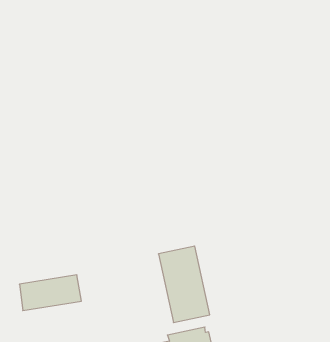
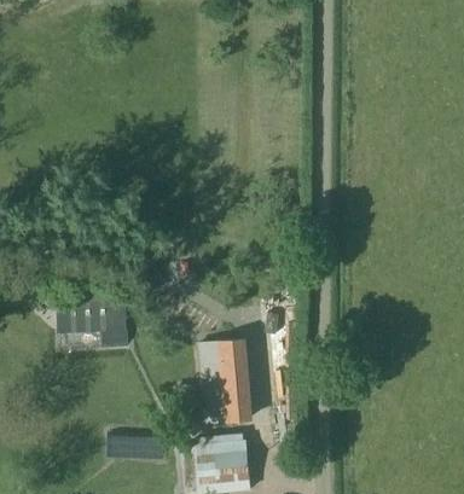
building: [19,275,81,311] -> [59,301,127,333]

